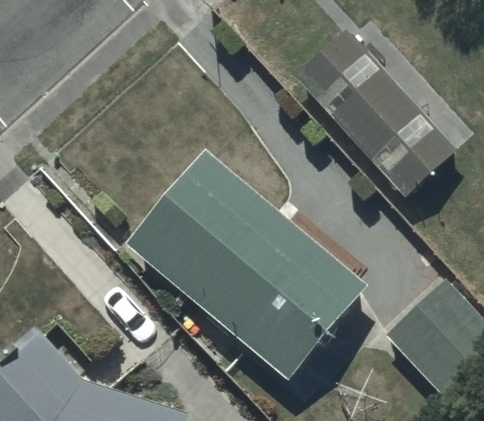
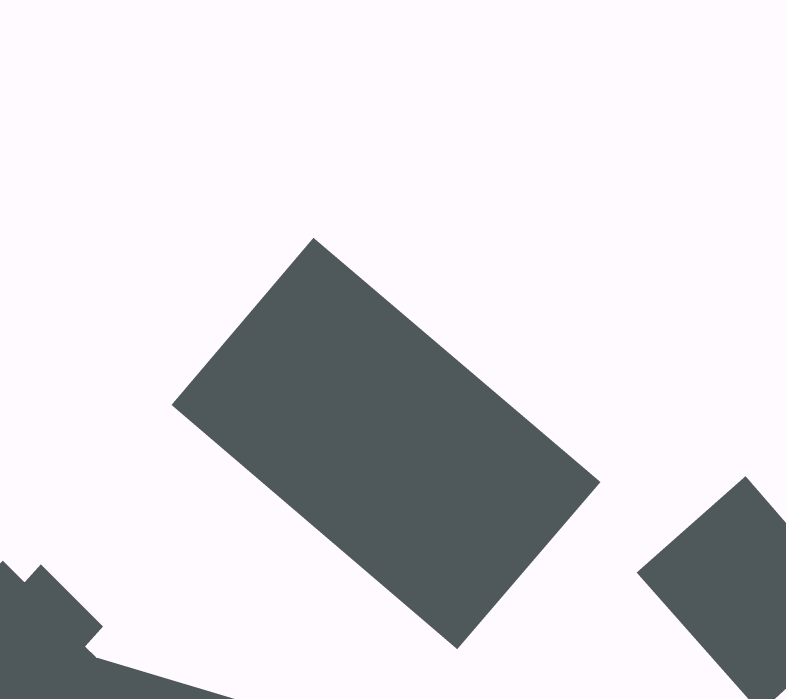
building: [297,31,456,199] -> none

